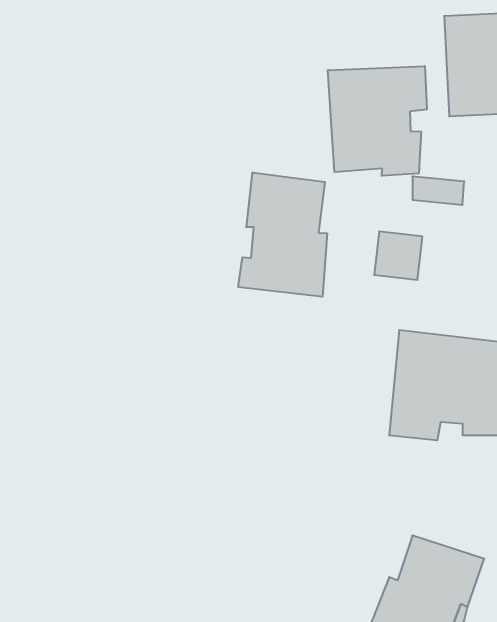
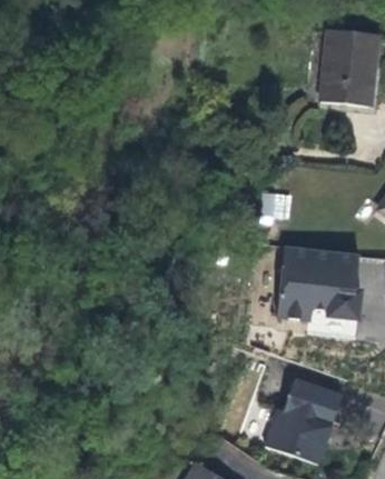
building: [328,66,427,176] -> none
building: [238,172,327,297] -> none

